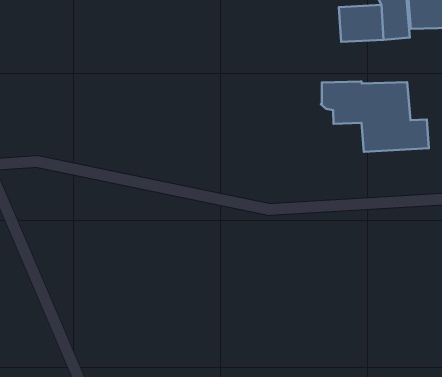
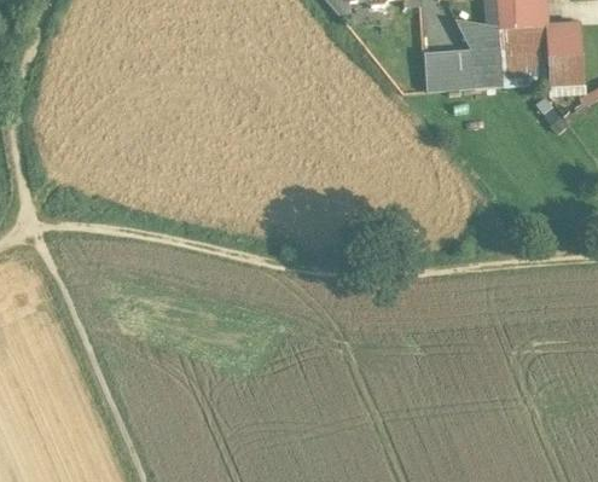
building: [321,82,429,152] -> none

